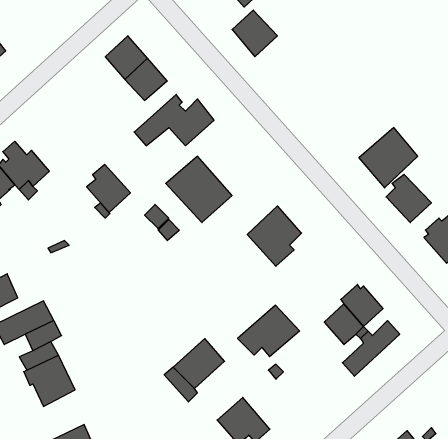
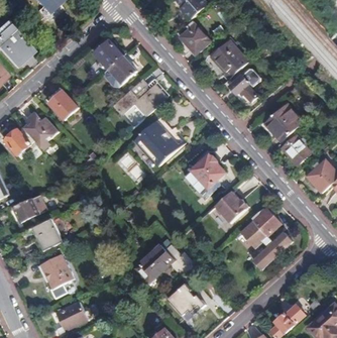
building: none -> [209,40,246,78]
building: none -> [229,70,258,102]
building: [87,164,130,213] -> [47,88,77,120]
building: [238,305,300,357] -> [209,190,250,224]

